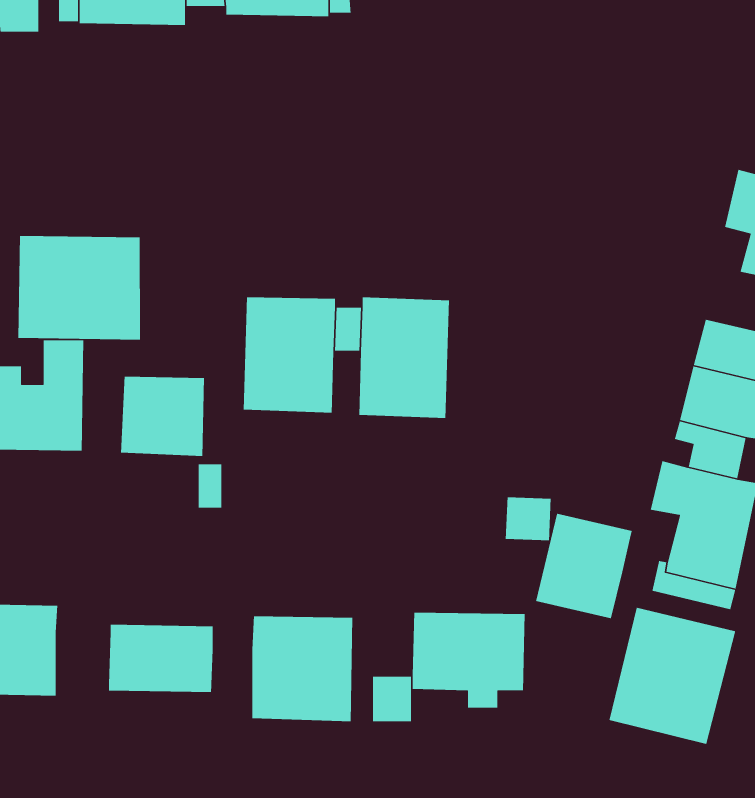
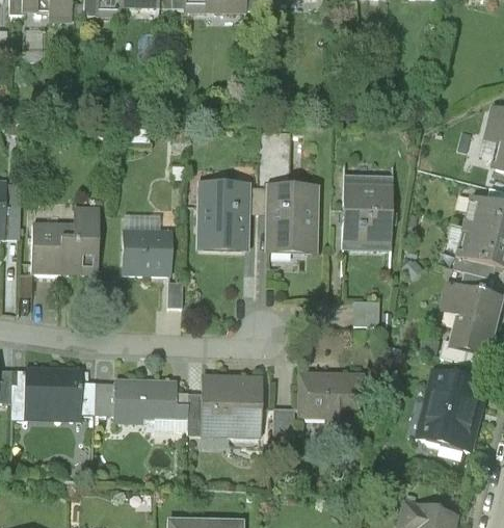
building: [18,235,141,340] -> none
building: none -> [342,175,393,250]
building: [535,513,633,619] -> none
building: none -> [82,384,114,415]
building: none -> [176,394,200,435]

